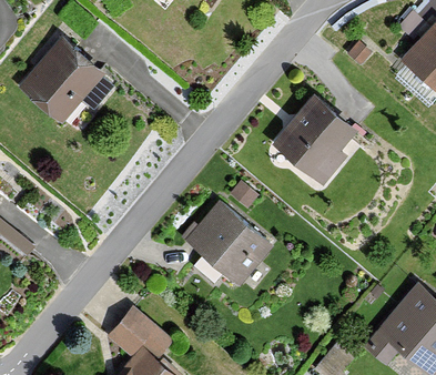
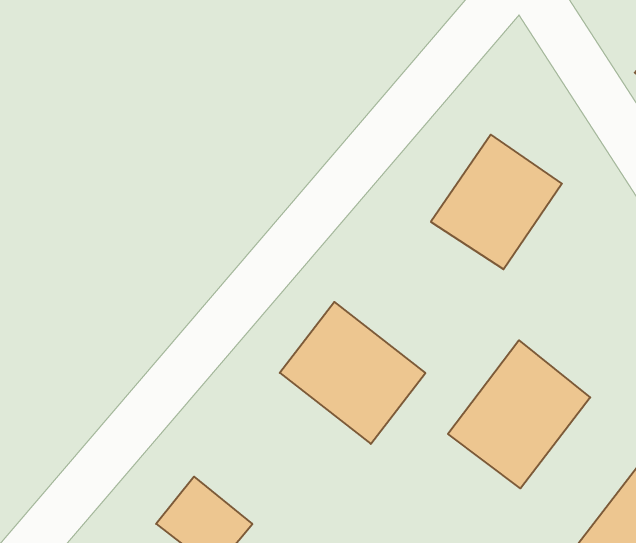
building: [19,38,104,125] -> none
building: none -> [448,340,590,488]

